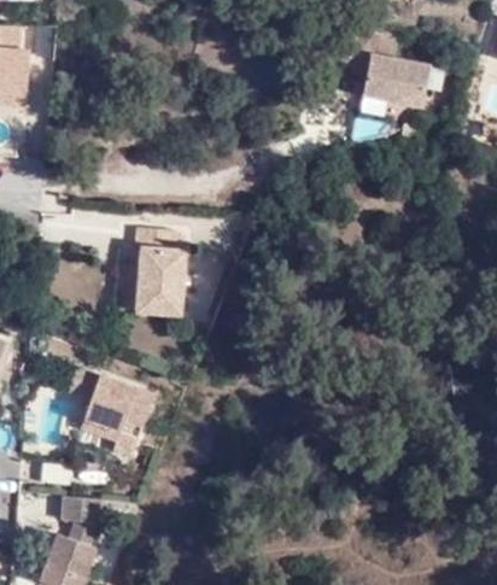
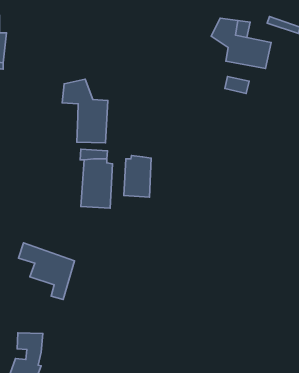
building: none -> [62,79,108,143]
building: none -> [124,156,151,197]

